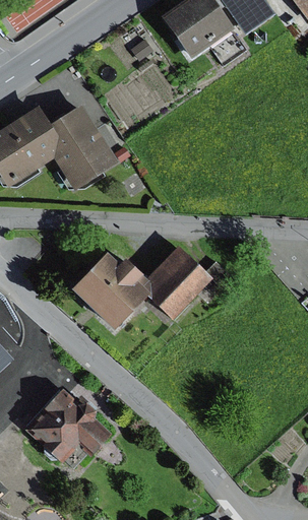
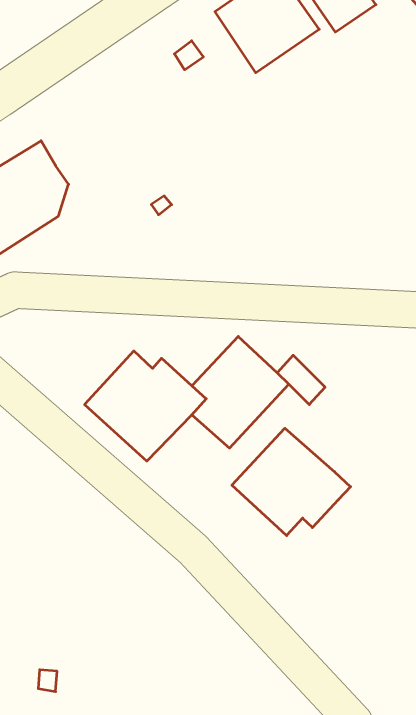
building: [49,105,118,193] -> none
building: none -> [232,428,351,536]
building: [23,389,107,463] -> none

